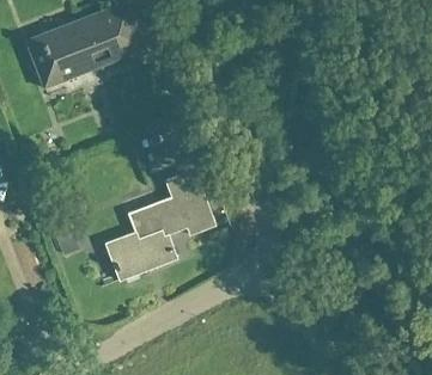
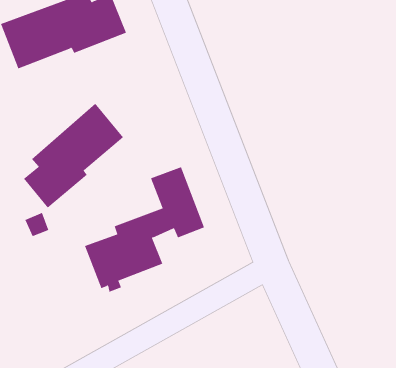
building: none -> [23,103,124,208]

